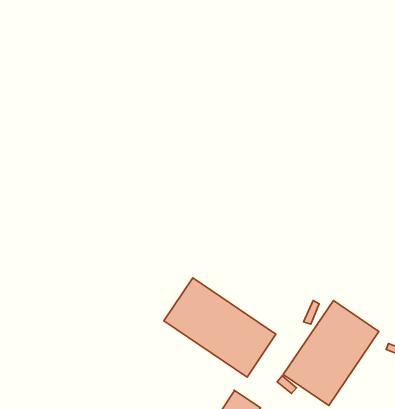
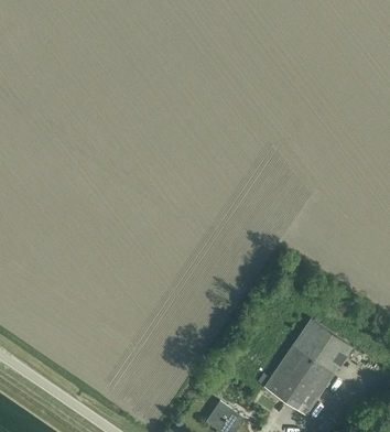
building: [164,278,276,377] -> none

